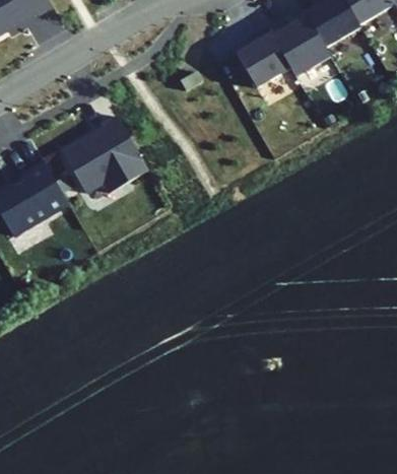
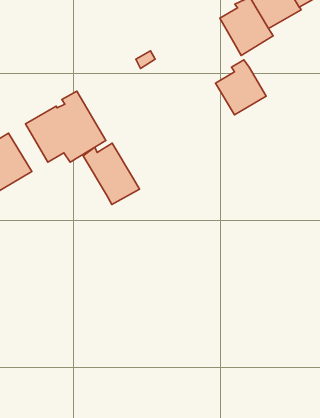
building: [236,28,290,88] -> [216,60,266,115]
building: none -> [83,143,140,204]

